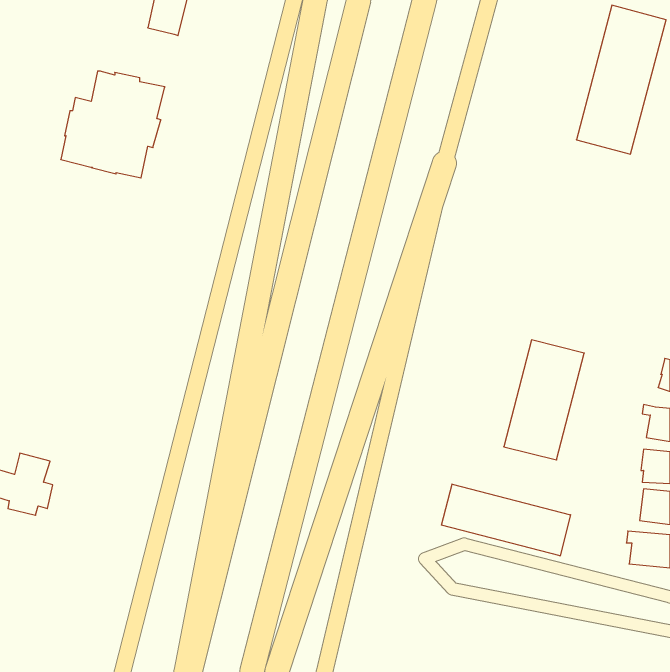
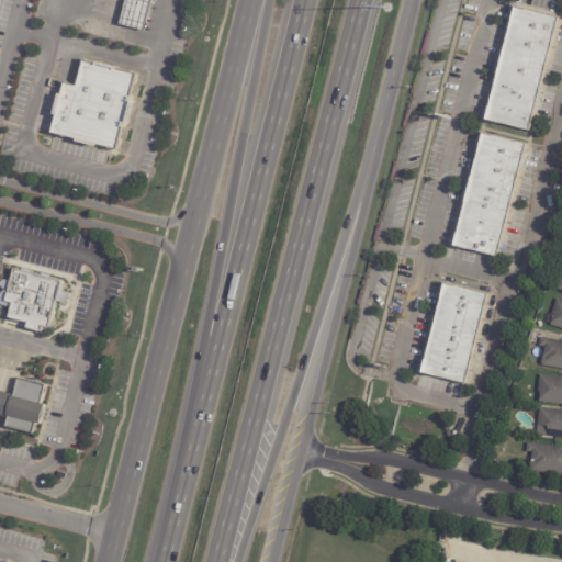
building: none -> [451,131,524,255]
building: none -> [5,269,63,331]
building: [442,484,571,556] -> none

